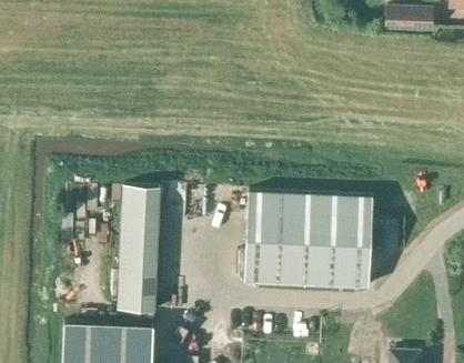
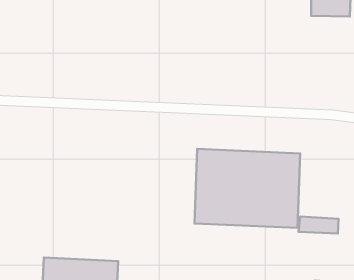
building: [119,185,161,312] -> none
building: none -> [299,217,338,234]

